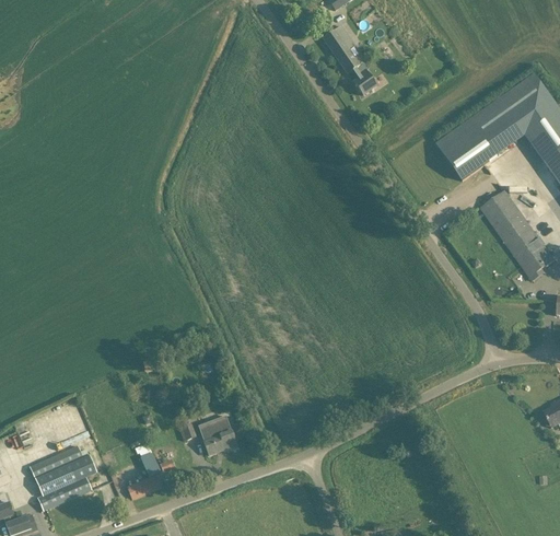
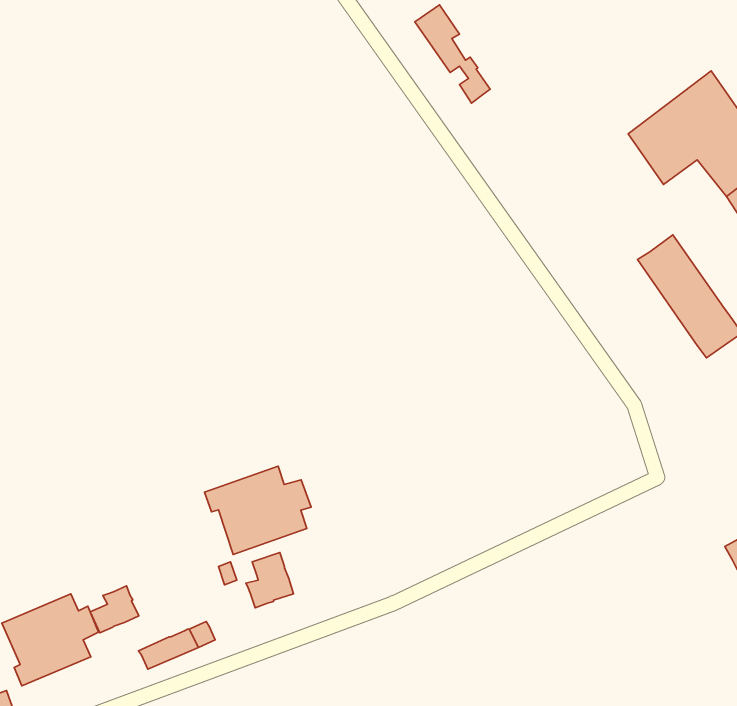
building: [436,116,499,178] -> none
building: none -> [205,466,311,554]
building: none -> [90,586,139,633]

